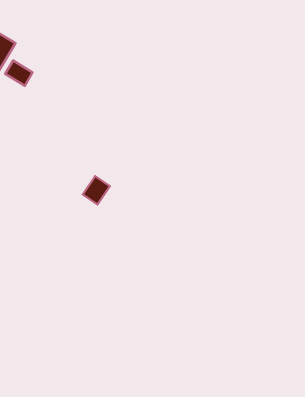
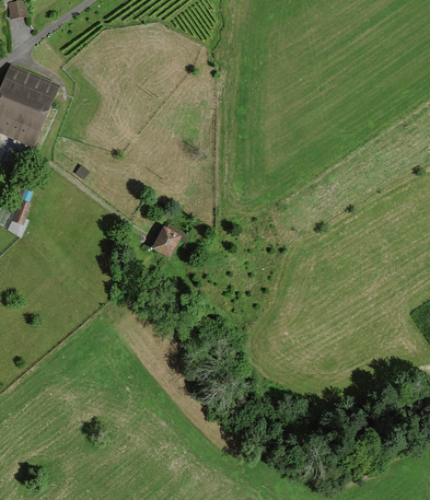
building: [5,61,33,86] -> none

